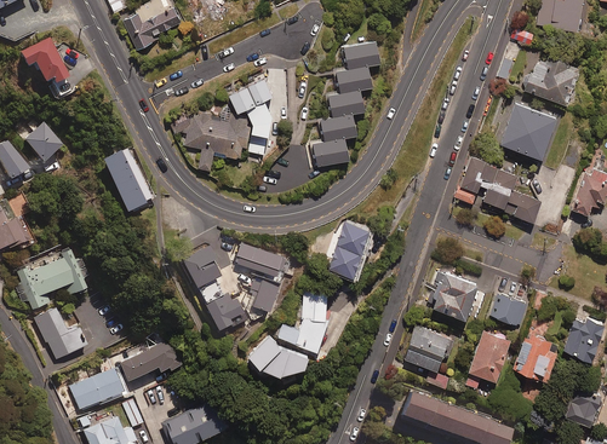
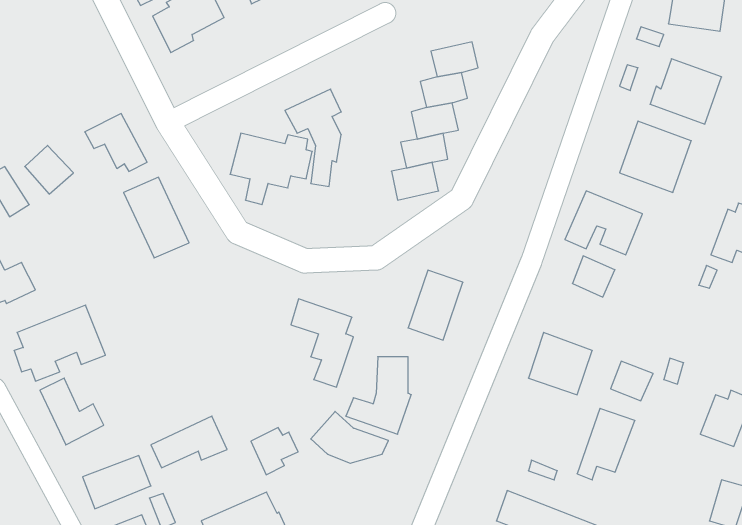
building: [21,36,70,82] -> [85,114,147,171]
building: [508,190,542,223] -> [572,256,615,297]
building: [184,246,223,288] -> none
building: [208,294,246,331] -> [251,428,298,475]
building: [402,324,448,371] -> none
building: [512,334,560,382] -> none

